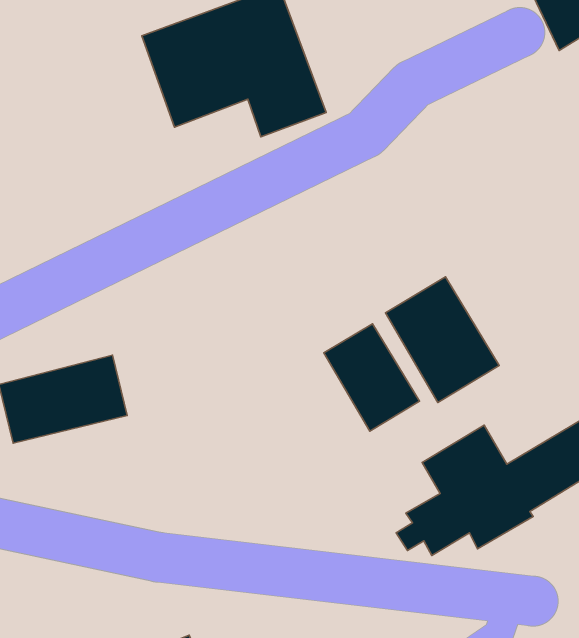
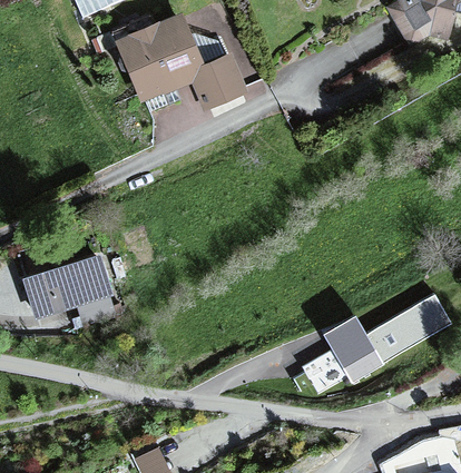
building: [386,277,499,402] -> none
building: [324,324,419,431] -> none

